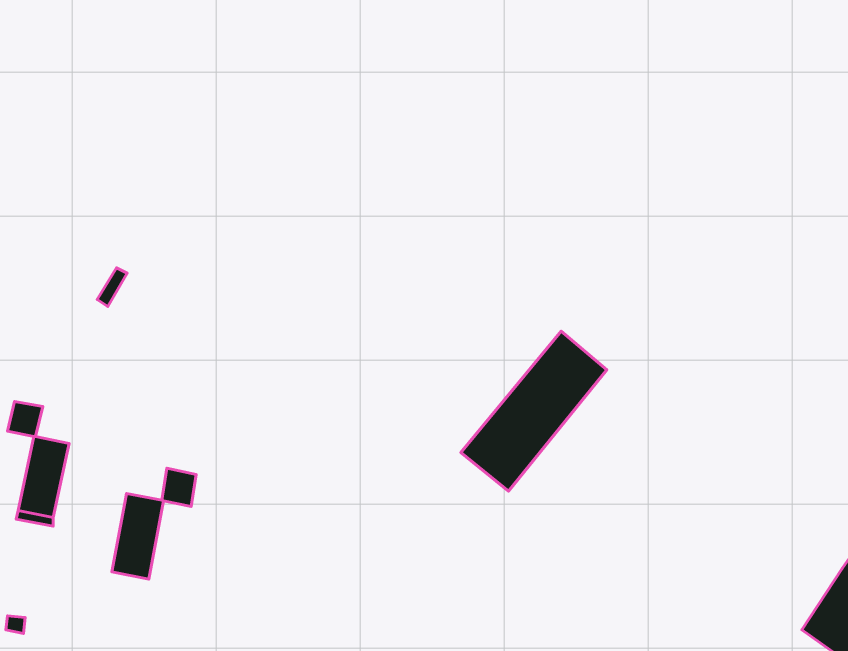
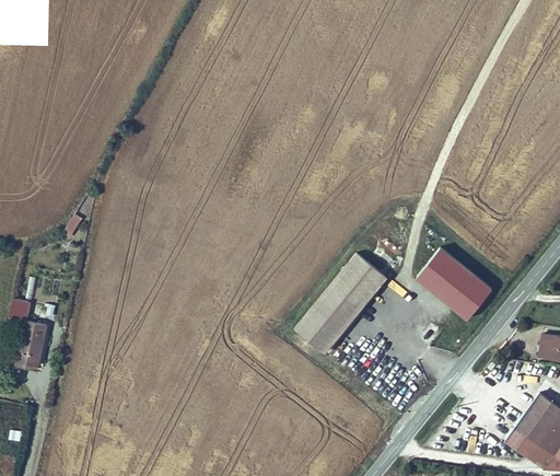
building: none -> [418,247,494,320]
building: [112,468,196,579] -> none

